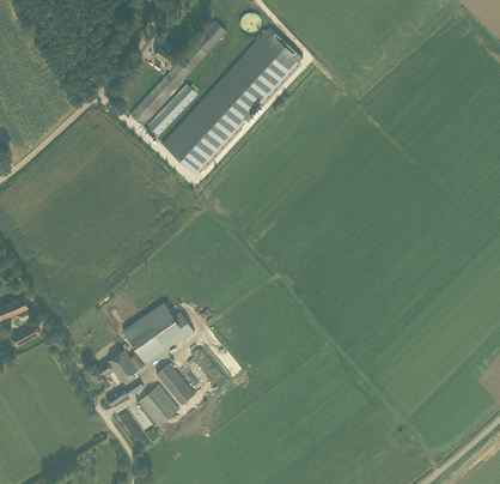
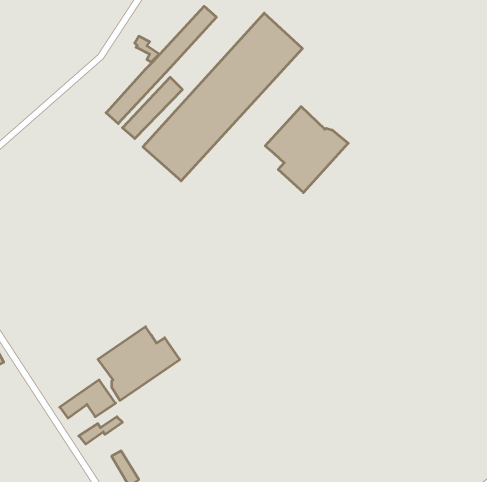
building: none -> [265,107,348,193]
building: [156,362,195,404] -> none
building: [138,383,178,425] -> none

